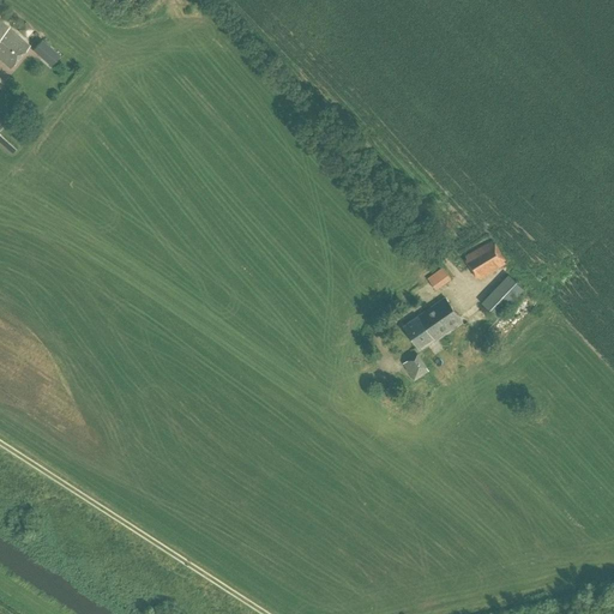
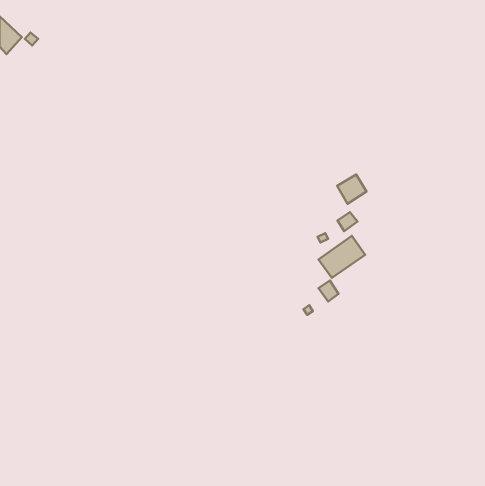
building: [465,242,502,279] -> [337,174,367,204]
building: [482,277,520,317] -> none

